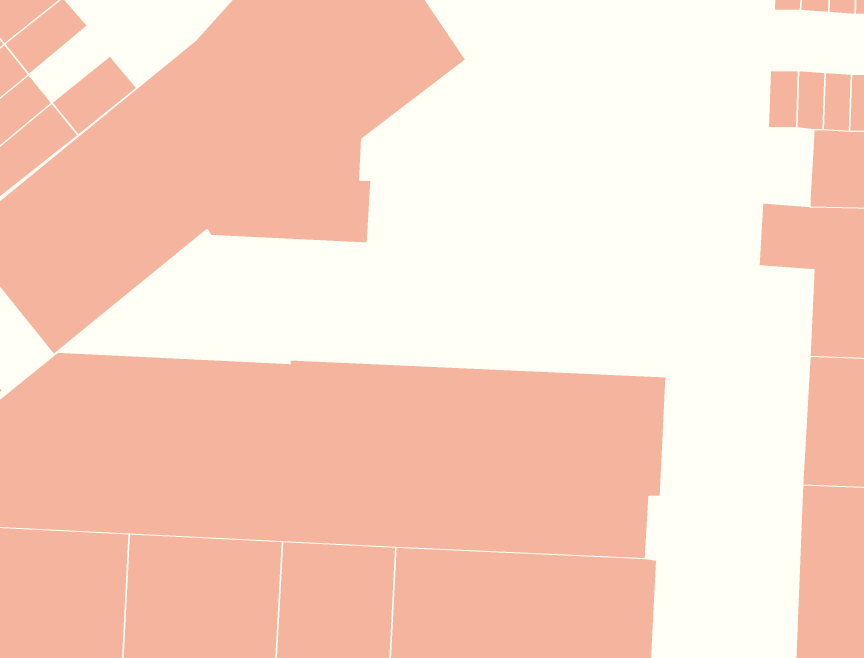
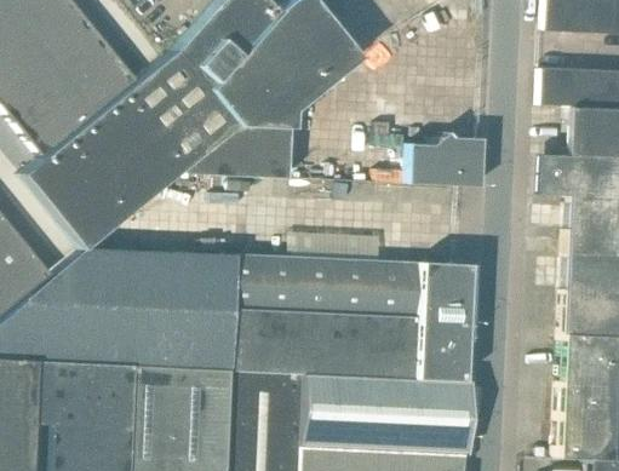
building: none -> [69,40,121,90]
building: none -> [409,132,482,188]

